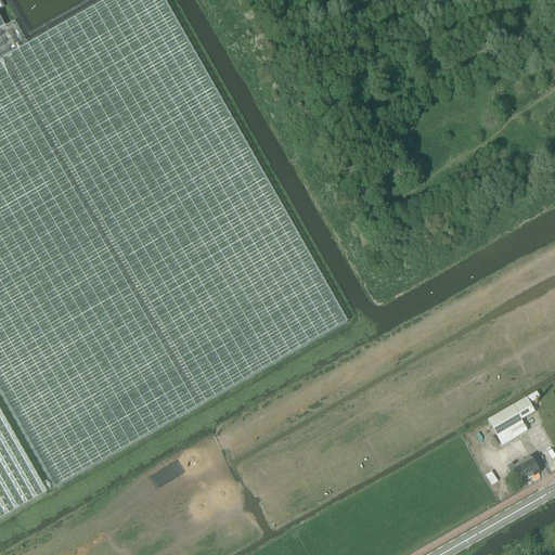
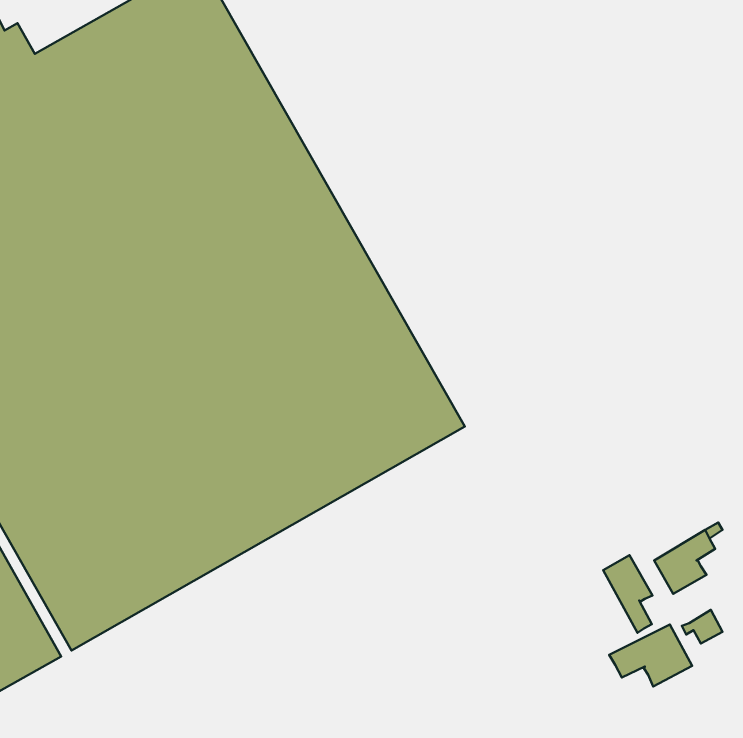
building: none -> [603,555,652,633]
building: none -> [609,625,692,687]

